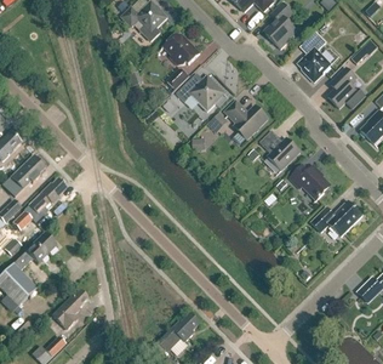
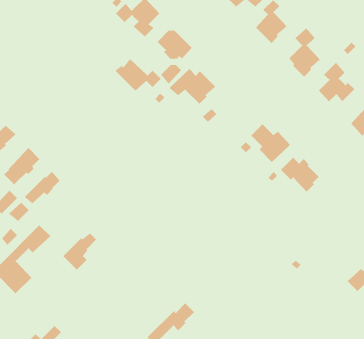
building: none -> [115,58,161,91]
building: [225,101,268,138] -> none
building: [311,200,362,235] -> none
building: [52,290,87,329] -> [62,232,97,270]

